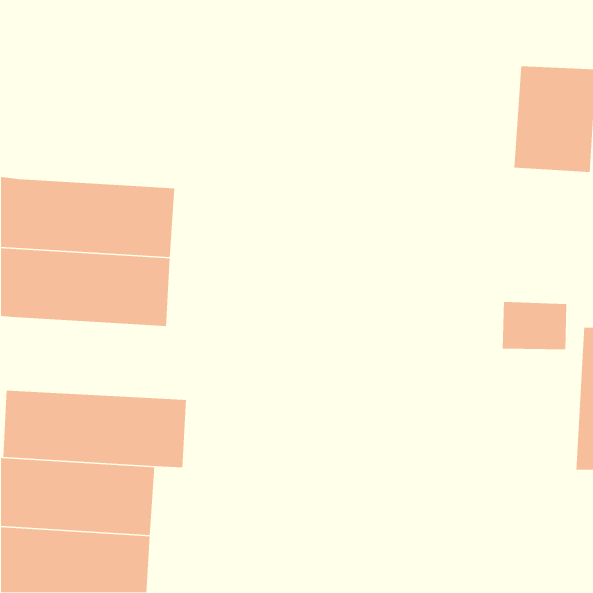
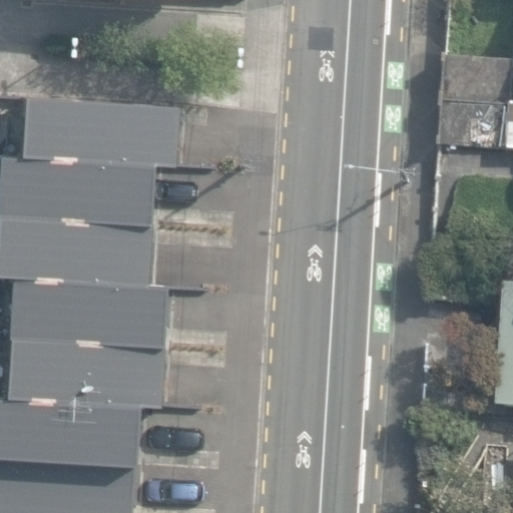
building: none -> [19,94,177,162]
building: none -> [8,273,164,343]

